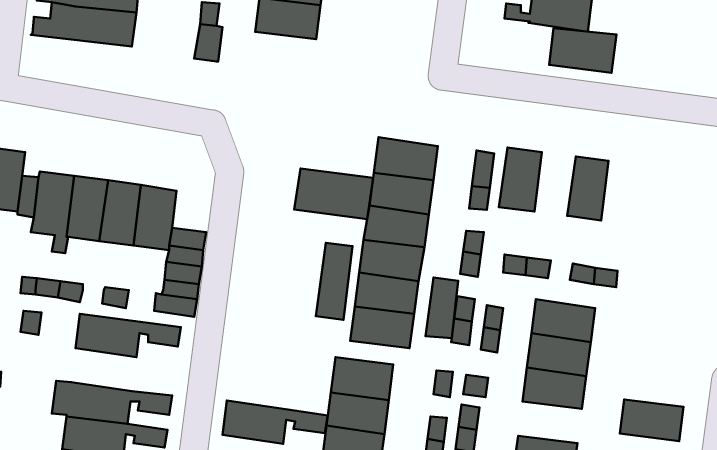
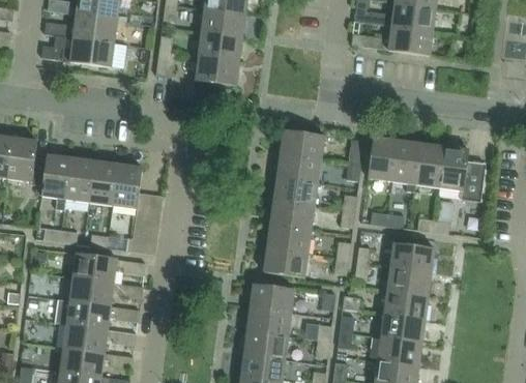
building: [549,28,616,73] -> none
building: none -> [193,56,239,98]
building: none -> [391,140,420,190]
building: none -> [438,146,484,201]
building: [294,168,373,219] -> none
building: [316,243,352,320] -> none
building: [425,278,458,338] -> none
building: [620,399,684,441] -> [380,314,425,343]
building: [222,401,328,444] -> [68,276,142,306]

